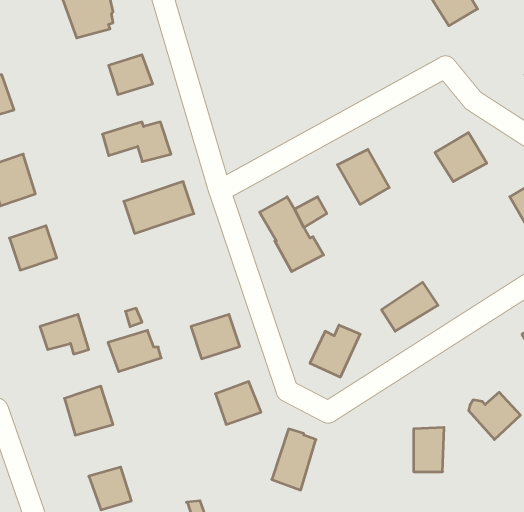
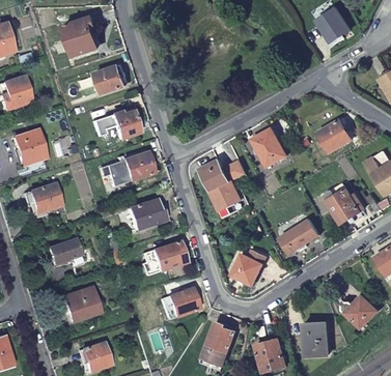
building: none -> [324,182,363,224]
building: [108,330,161,372] -> [127,201,163,229]
building: none -> [255,335,283,367]

